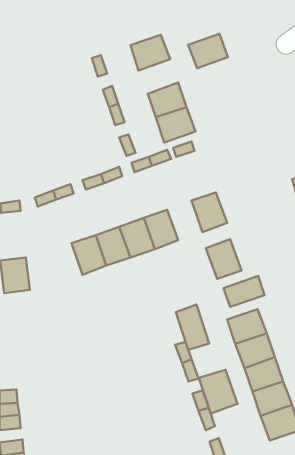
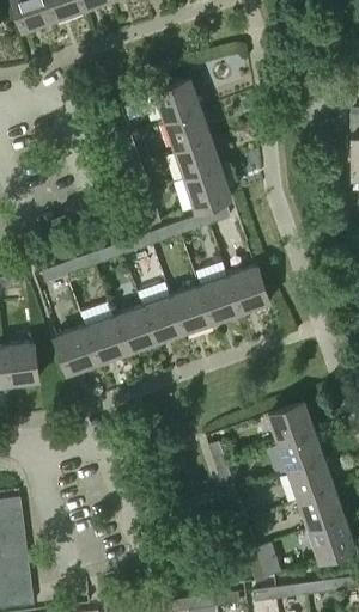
building: [188,34,228,68] -> [164,111,211,152]
building: [206,239,241,279] -> [197,277,239,324]
building: none -> [56,328,98,374]
building: [223,276,265,307] -> none
building: [176,305,209,350] -> none
building: [199,370,237,414] -> none

